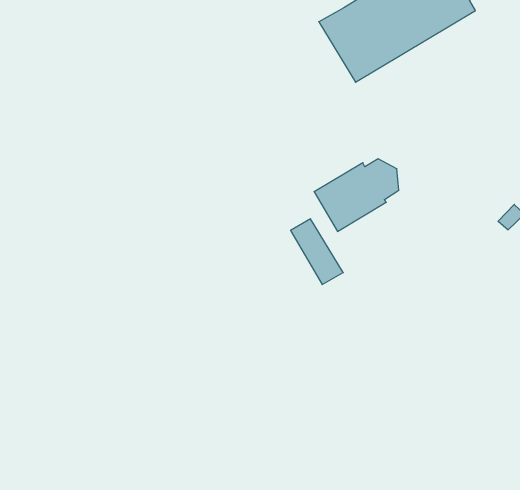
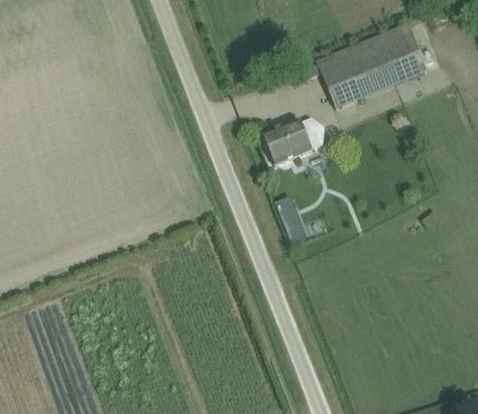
building: [314,159,399,231] -> [263,118,324,164]

